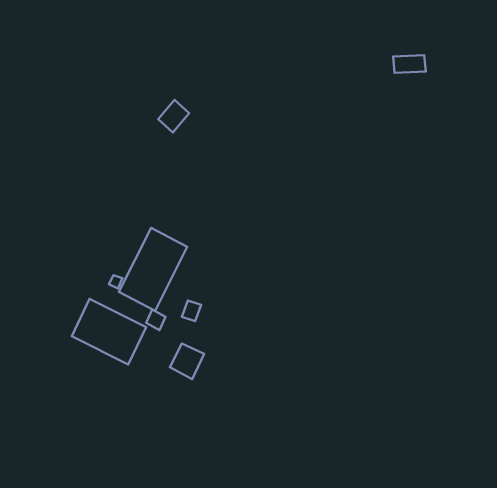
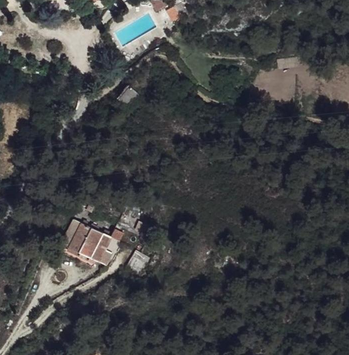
building: [119,228,187,311] -> none

